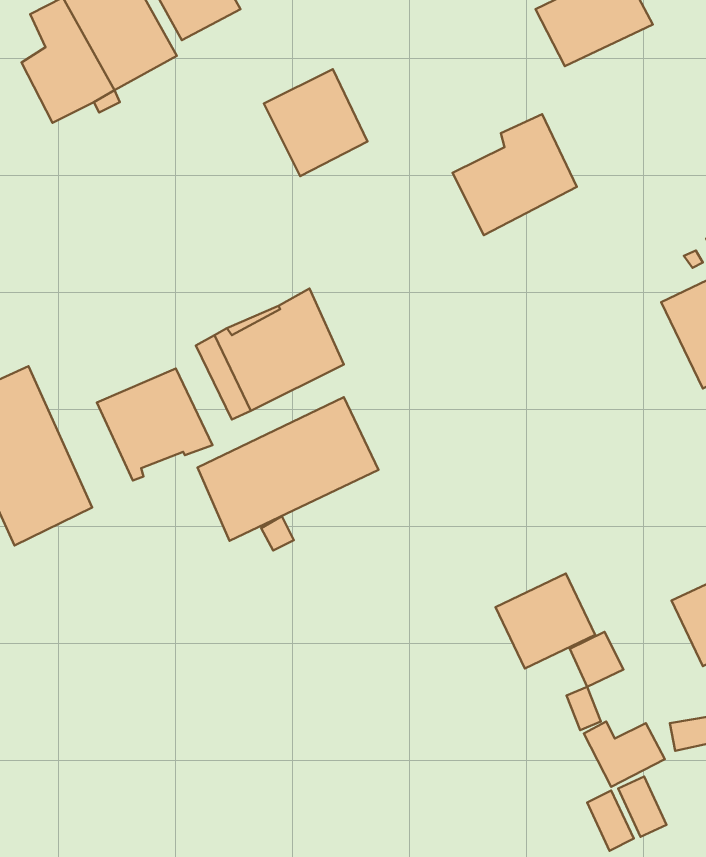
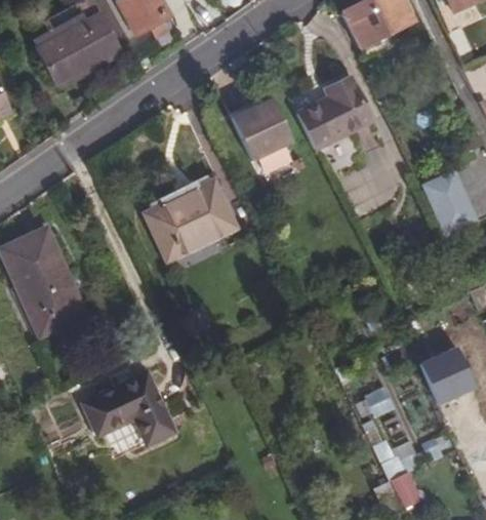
building: [264,69,367,176] -> [234,103,295,166]
building: [97,368,212,480] -> none
building: [197,397,379,541] -> none
building: [496,573,595,669] -> none
building: none -> [83,373,170,441]

